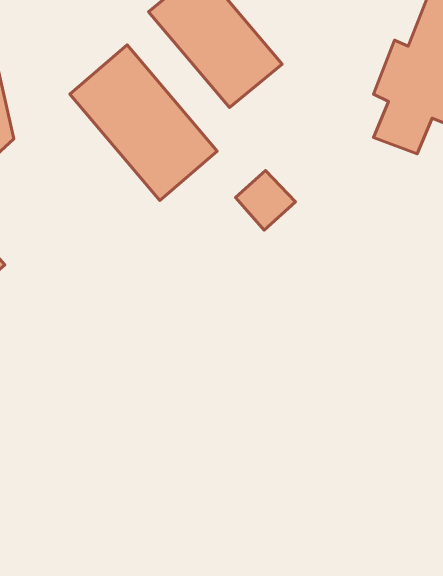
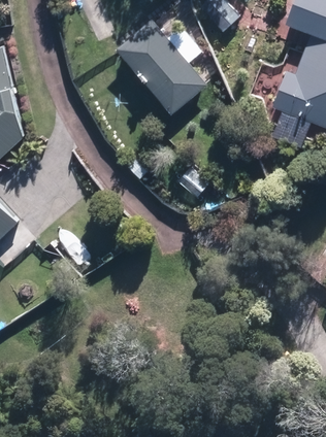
building: [70,45,217,200] -> none

